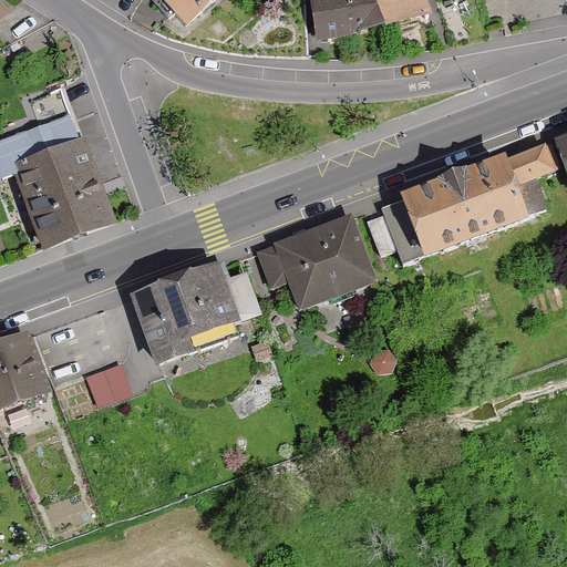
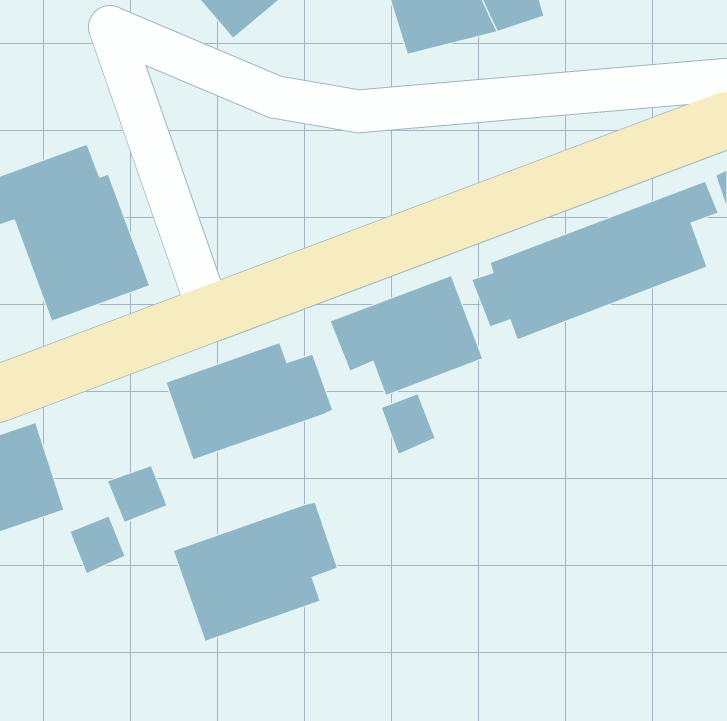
building: none -> [381,393,435,454]
building: none -> [173,502,338,642]
building: none -> [70,516,125,574]

